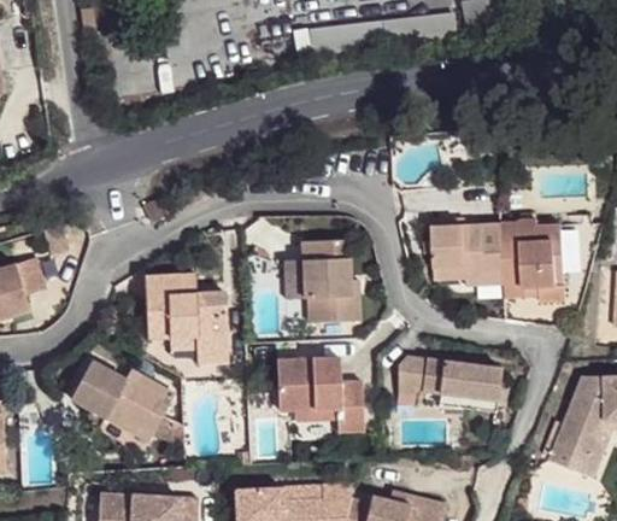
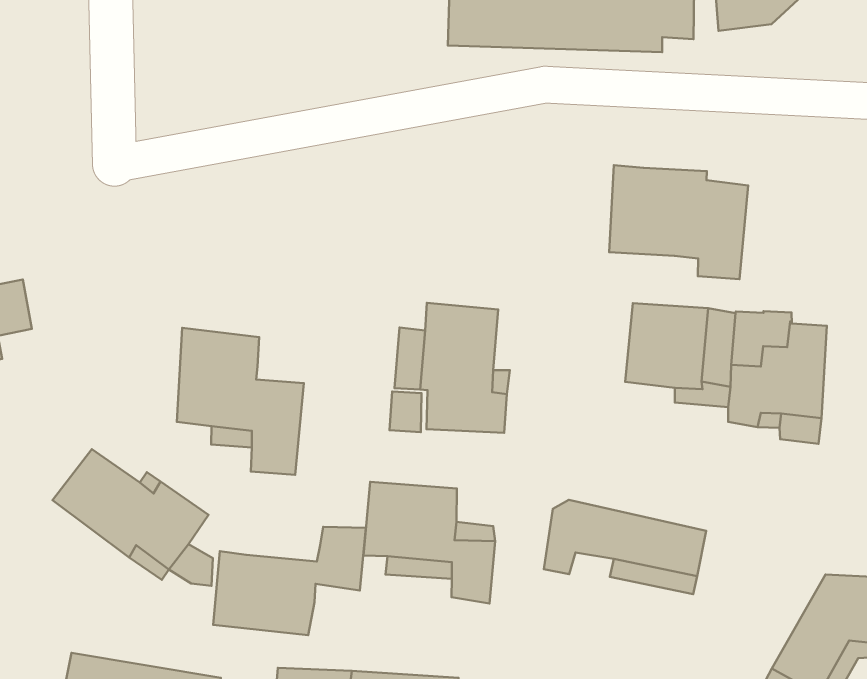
building: none -> [609,165,748,279]
building: none -> [213,527,366,635]

